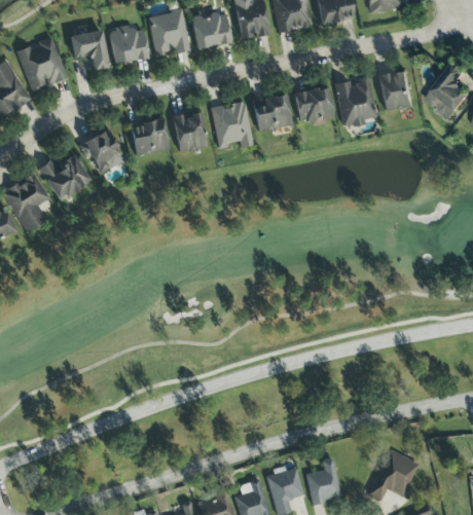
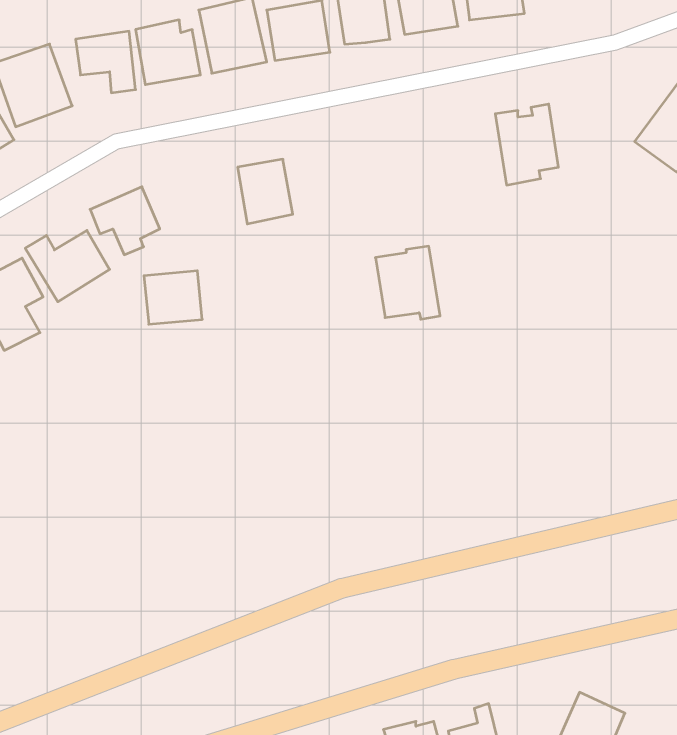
building: [379,71,413,111] -> none
building: [295,88,333,122] -> none
building: [255,96,292,132] -> none
building: [212,102,253,148] -> [375,246,440,319]
building: [132,121,169,155] -> [144,271,202,324]

